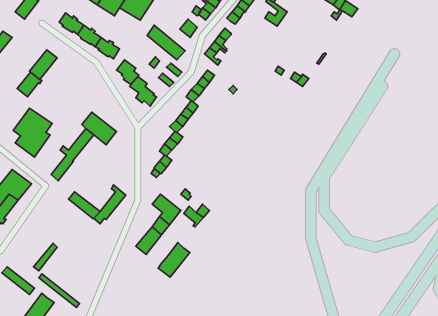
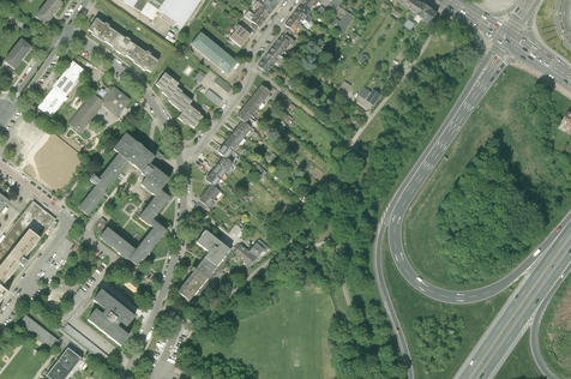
building: none -> [70,85,131,131]
building: none -> [139,163,169,223]
building: [158,243,190,277] -> none
building: none -> [88,289,134,345]

